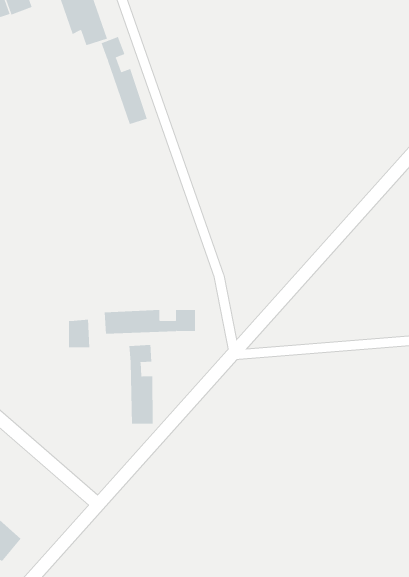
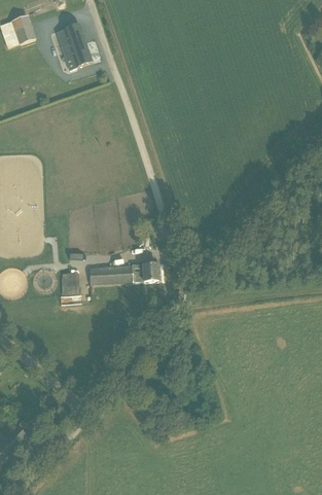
building: [101,36,147,125] -> none
building: [129,344,153,425] -> none

